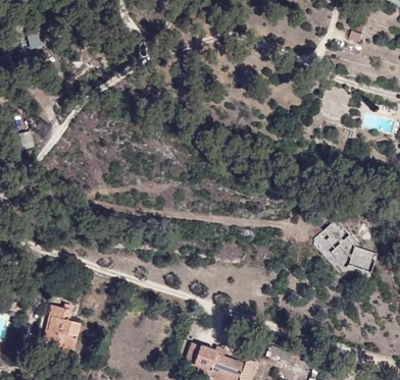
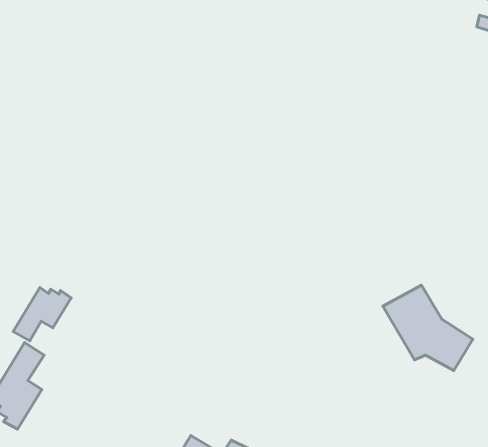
building: none -> [13,288,71,341]

